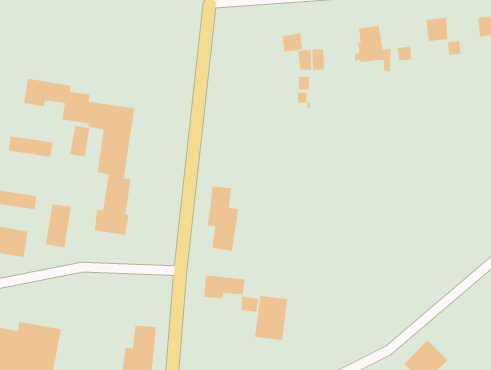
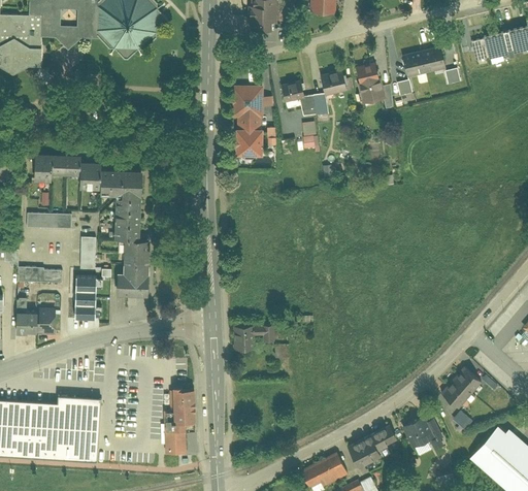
building: none -> [402,50,427,81]
building: none -> [233,83,271,150]
building: none -> [320,71,345,92]
building: [69,125,90,158] -> [79,237,97,268]
building: [207,185,239,252] -> none
building: [254,295,288,341] -> none

